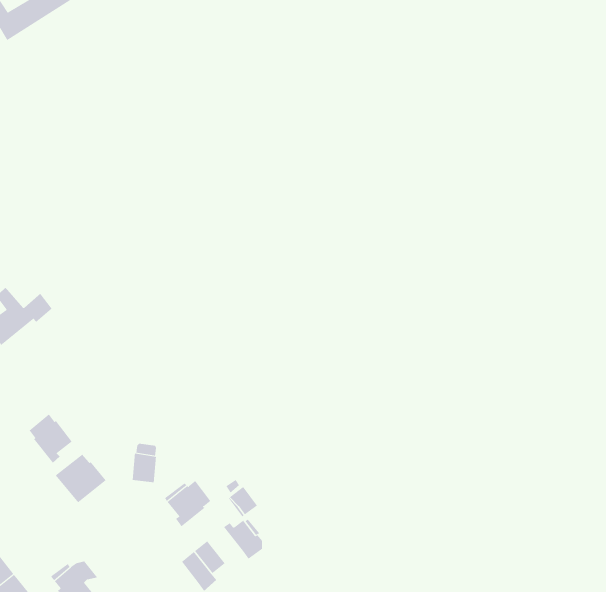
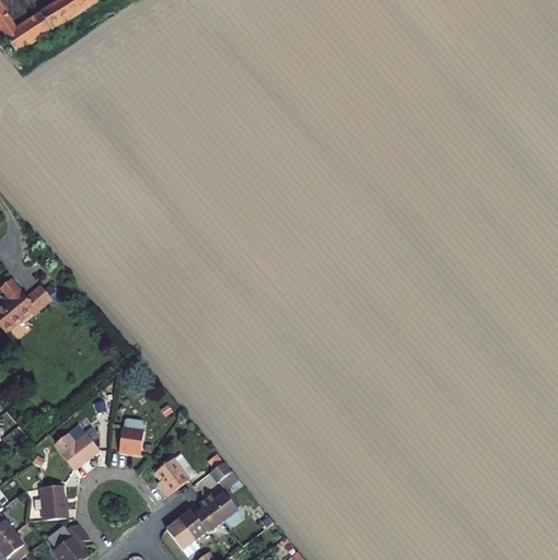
building: [29,414,73,464] -> none
building: none -> [39,491,69,526]
building: none -> [194,497,222,530]

